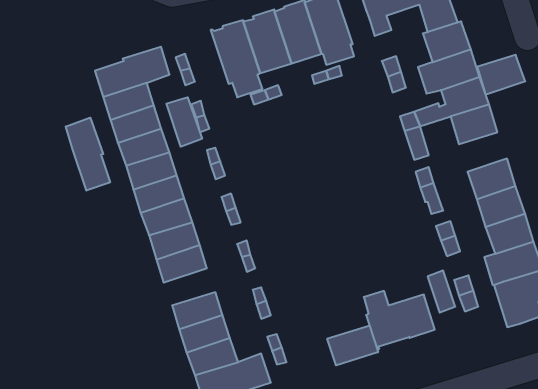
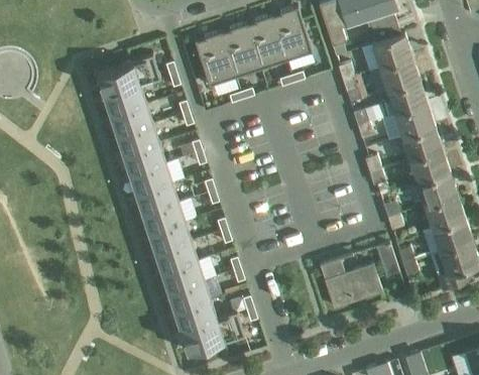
building: [477,55,525,94] -> [401,126,442,159]
building: [166,97,202,147] -> none
building: [66,118,110,191] -> none
building: none -> [154,240,198,271]
building: [327,326,378,365] -> none

